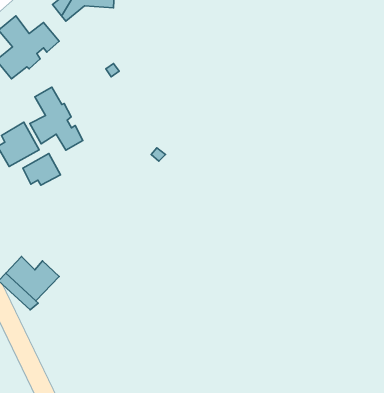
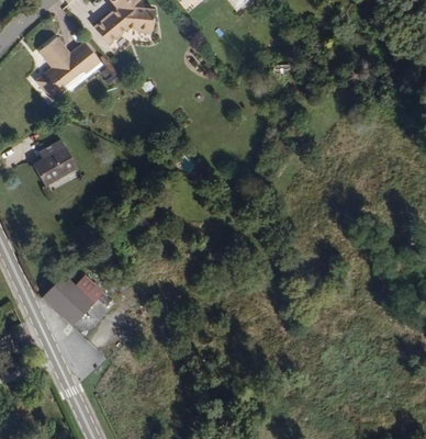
building: [30,87,83,150] -> none
building: [23,154,61,185] -> none

